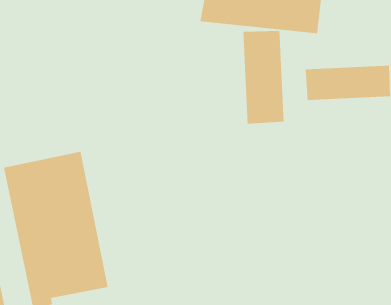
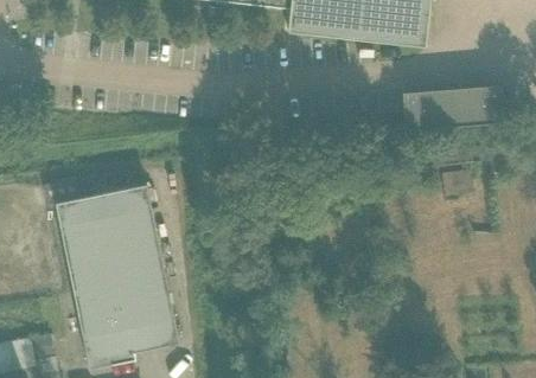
building: [243,30,284,124] -> none

